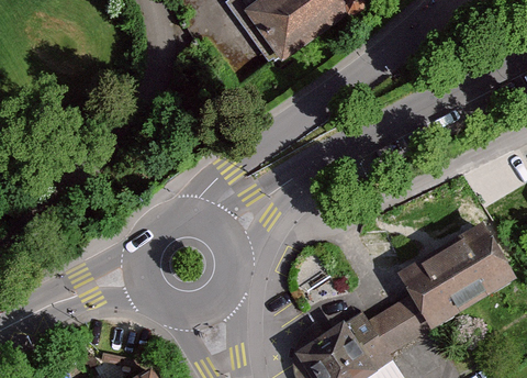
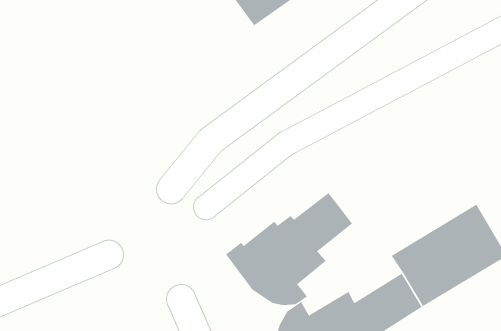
building: none -> [225,192,353,306]

